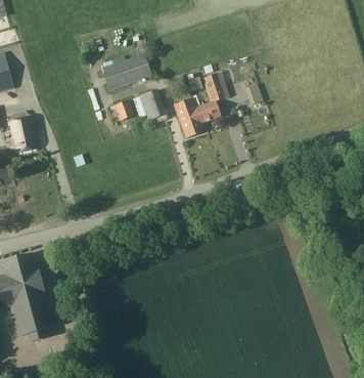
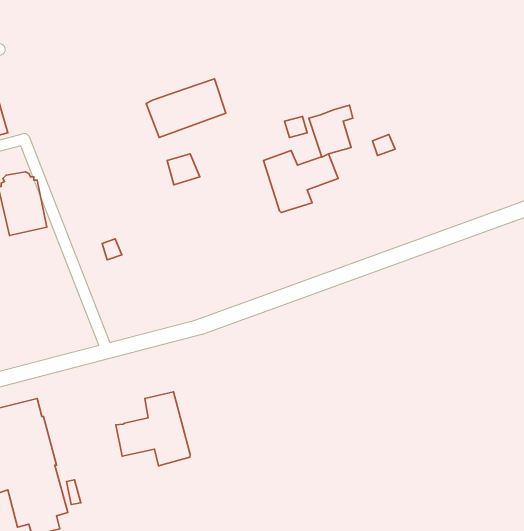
building: [138,88,166,120] -> none
building: none -> [116,392,190,466]

